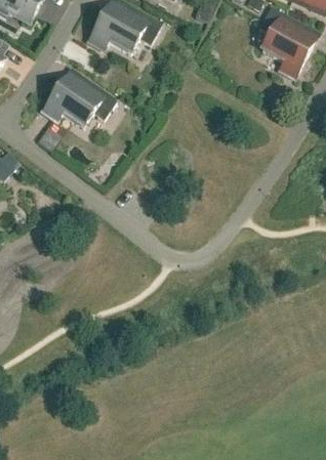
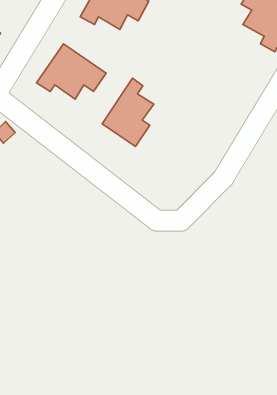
building: none -> [102,78,154,146]

